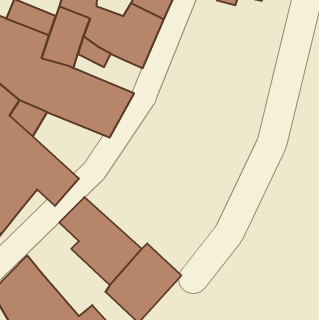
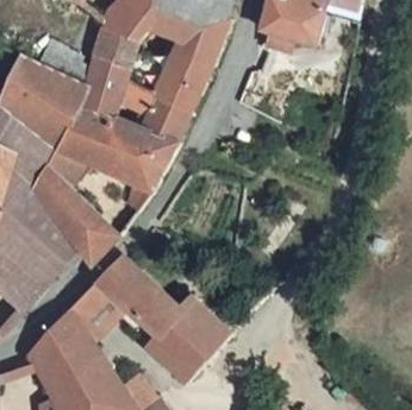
building: none -> [143,99,189,140]
building: none -> [64,280,120,336]

